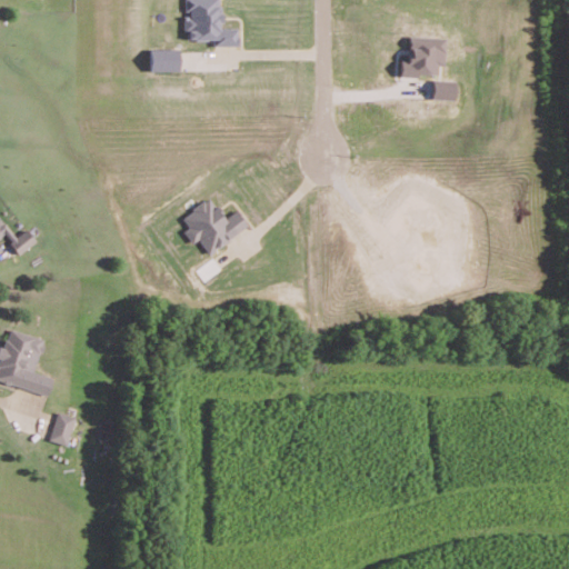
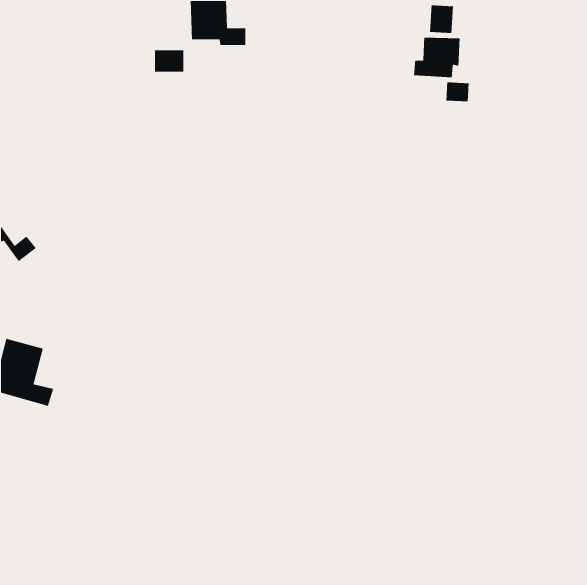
building: none -> [429,5,454,34]
building: [182,199,248,254] -> none
building: [49,412,76,447] -> none

